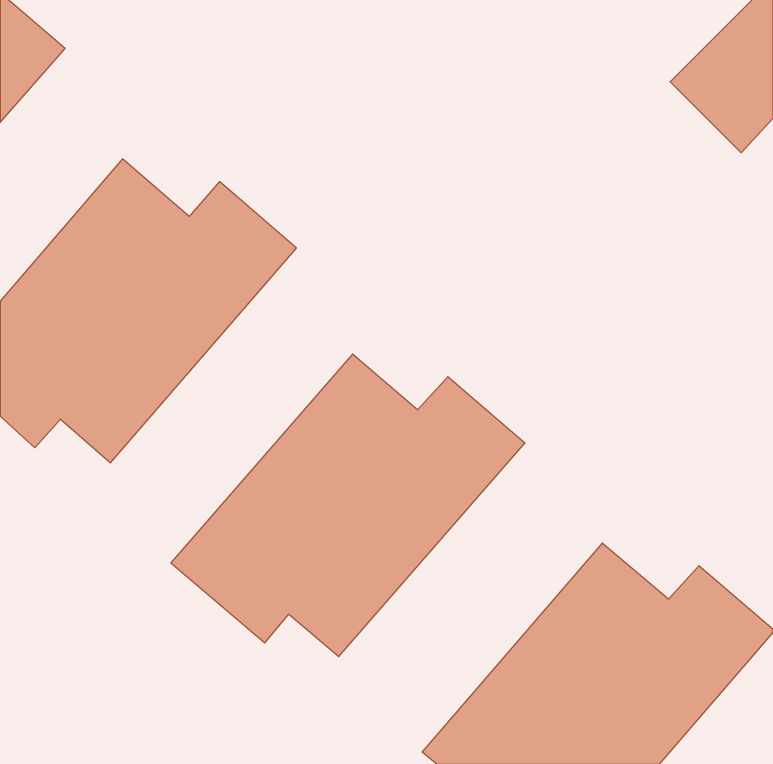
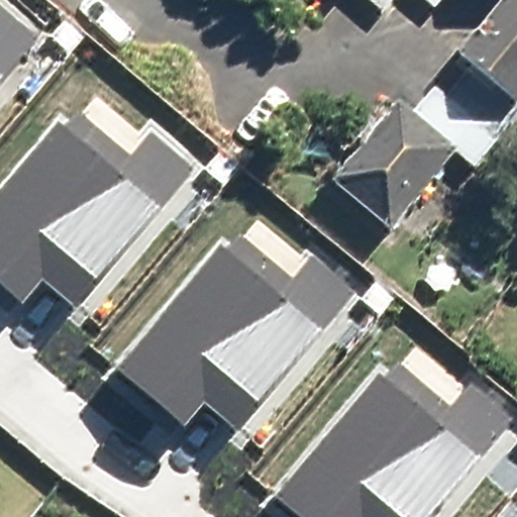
building: none -> [319,104,442,231]

